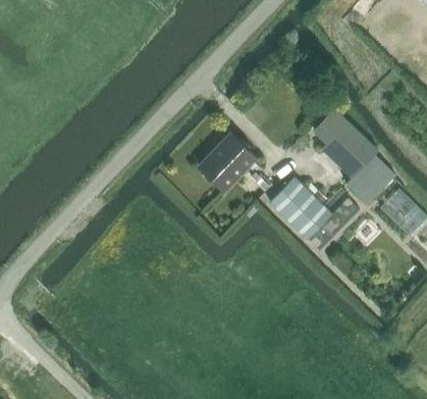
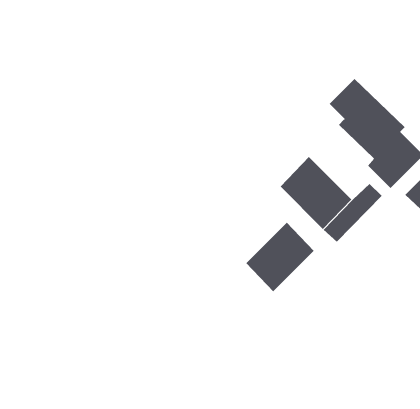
building: [198,132,258,193] -> none
building: none -> [246,222,315,292]

